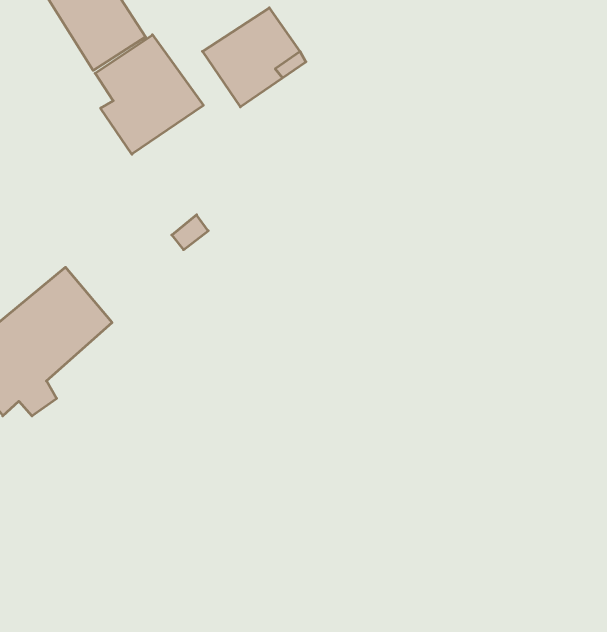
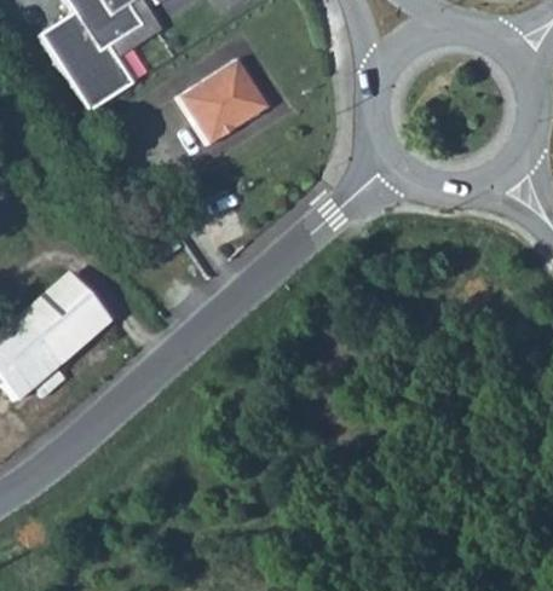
building: [95,35,203,154] -> none

